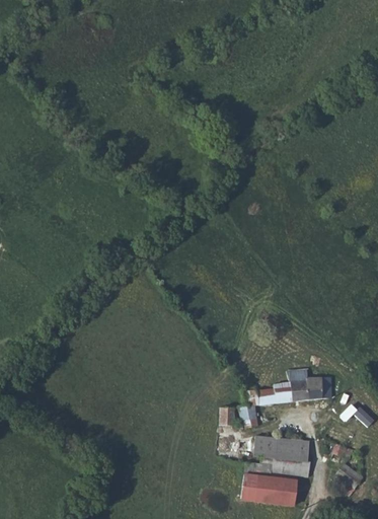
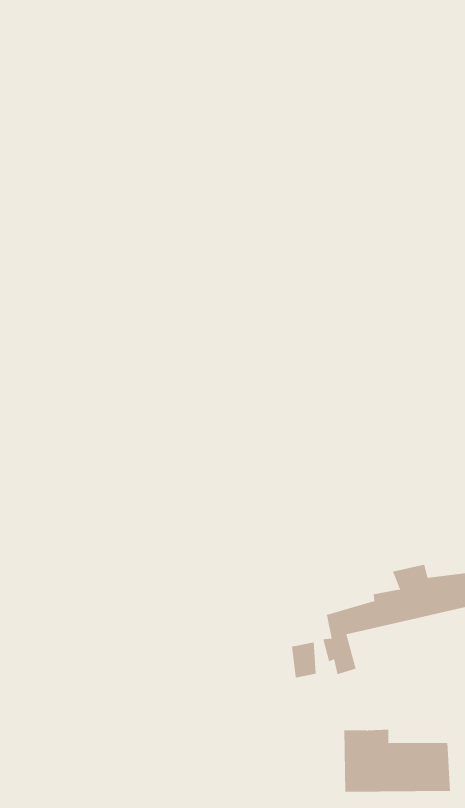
building: [254,437,310,477] -> none

